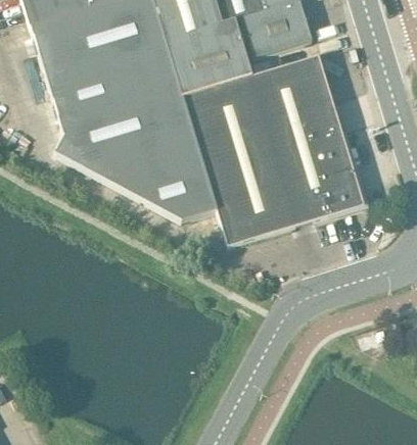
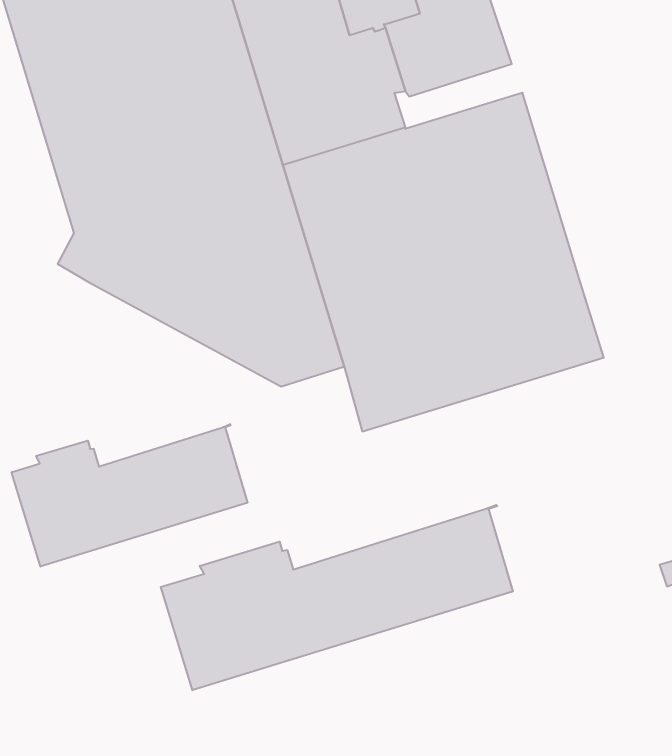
building: none -> [12,424,248,567]
building: none -> [161,505,513,690]

